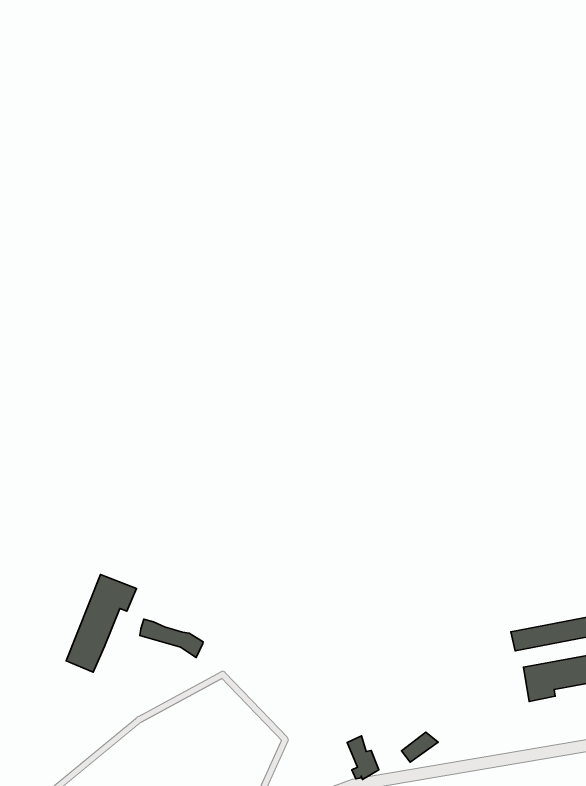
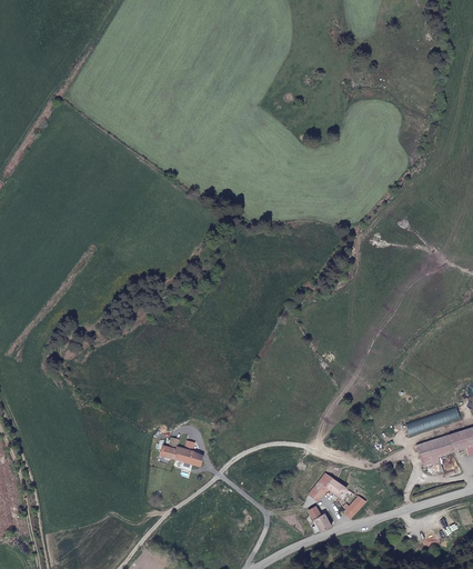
building: [66,575,136,672] -> none
building: none -> [309,473,346,502]

